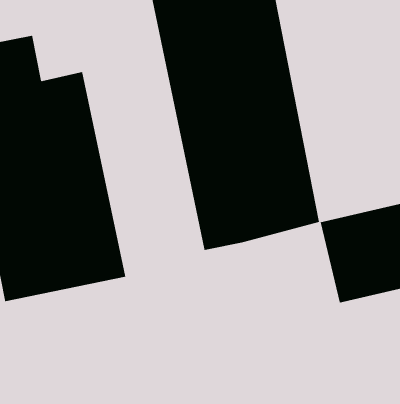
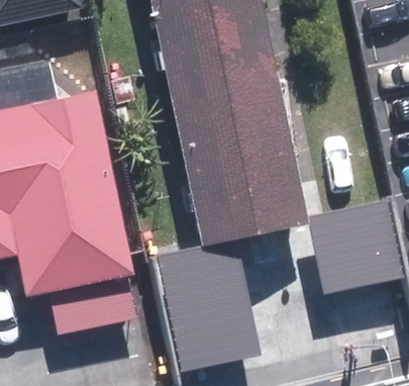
building: none -> [157,240,261,371]

